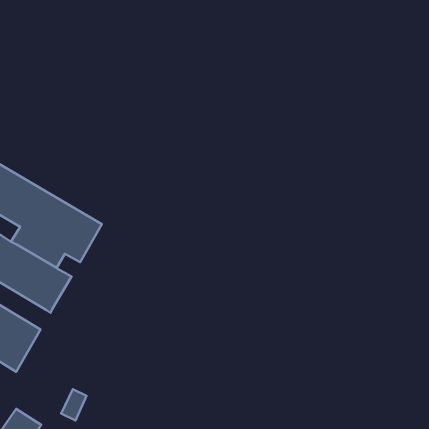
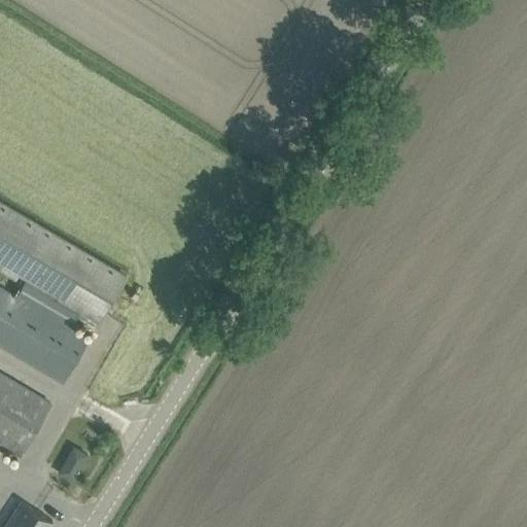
building: [61,389,86,420] -> [59,445,90,483]

